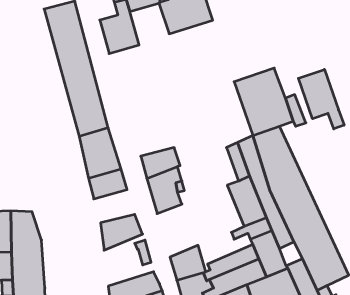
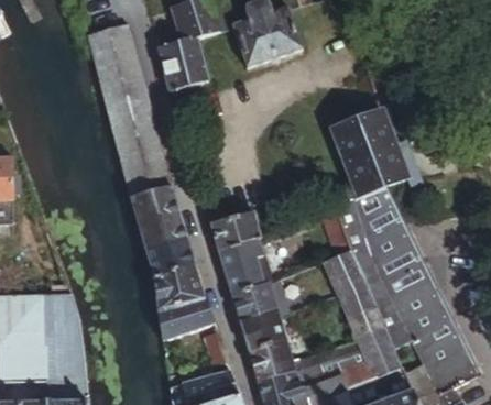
building: [298,69,344,129] -> none
building: none -> [151,266,204,309]
building: none -> [232,283,285,353]

